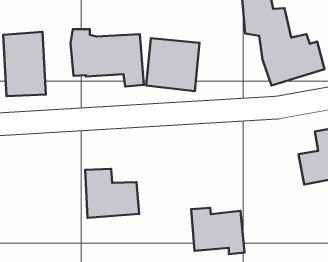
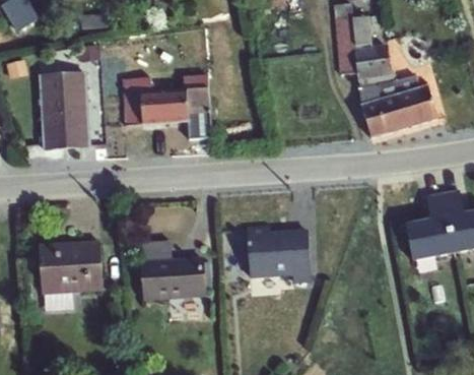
building: [146,38,199,91] -> none
building: none -> [39,239,104,294]
building: [191,208,244,254] -> [247,225,313,283]

